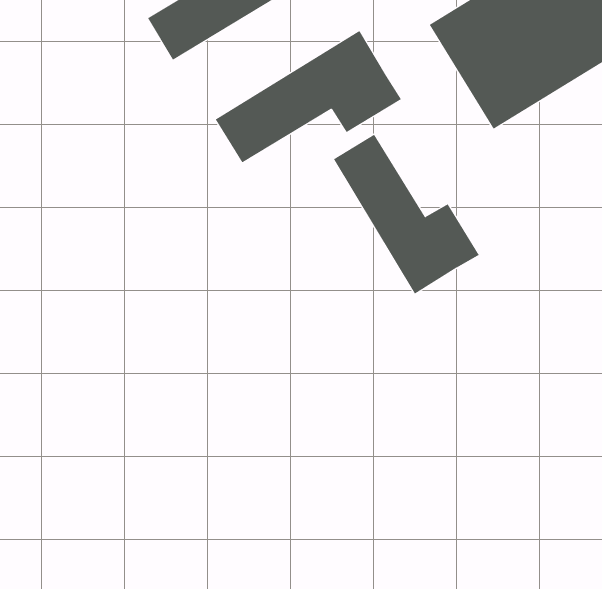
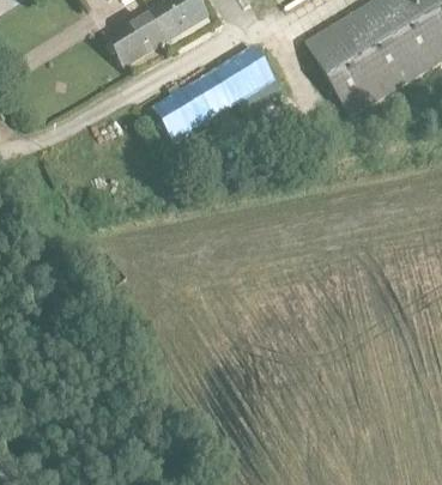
building: [333,134,480,294] -> none

